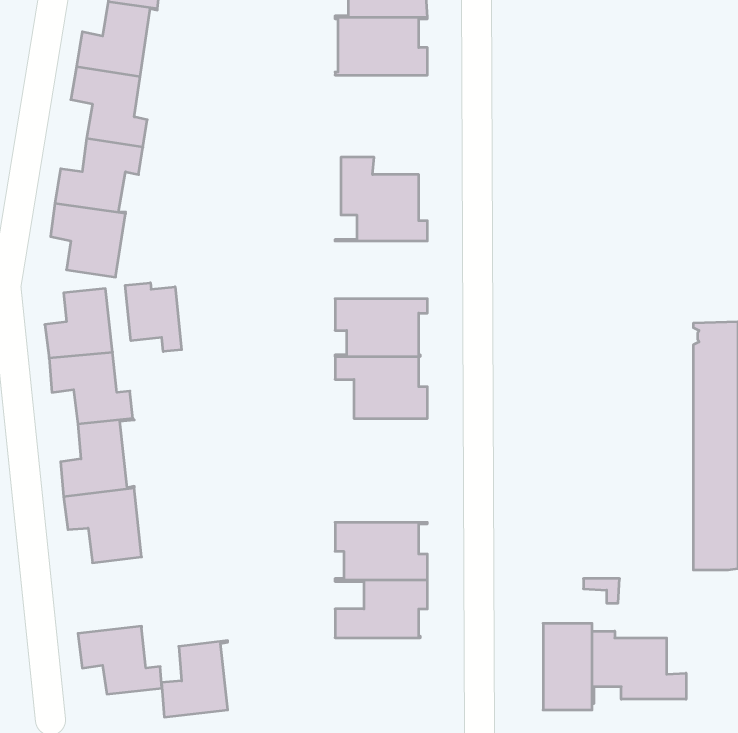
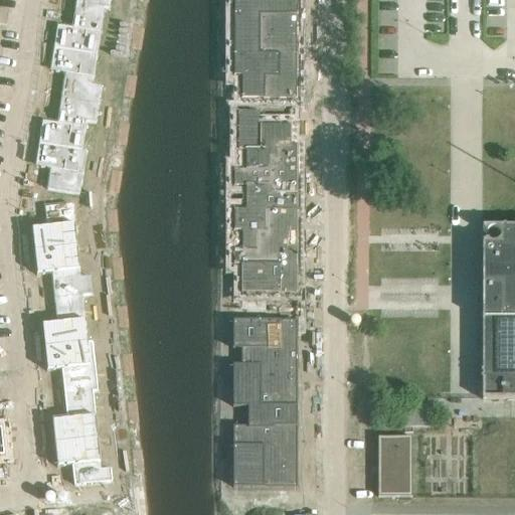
building: none -> [233,52,298,98]
building: none -> [233,168,298,208]
building: [125,283,182,352] -> none
building: none -> [233,318,298,364]
building: [592,631,686,704] -> none
building: none -> [233,445,298,486]
building: [161,641,228,717] -> [52,388,99,442]

